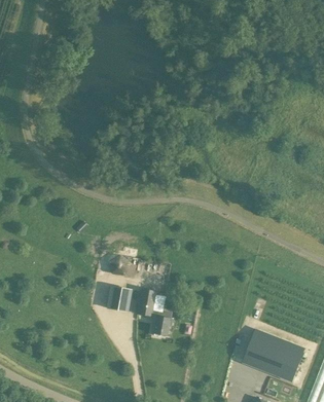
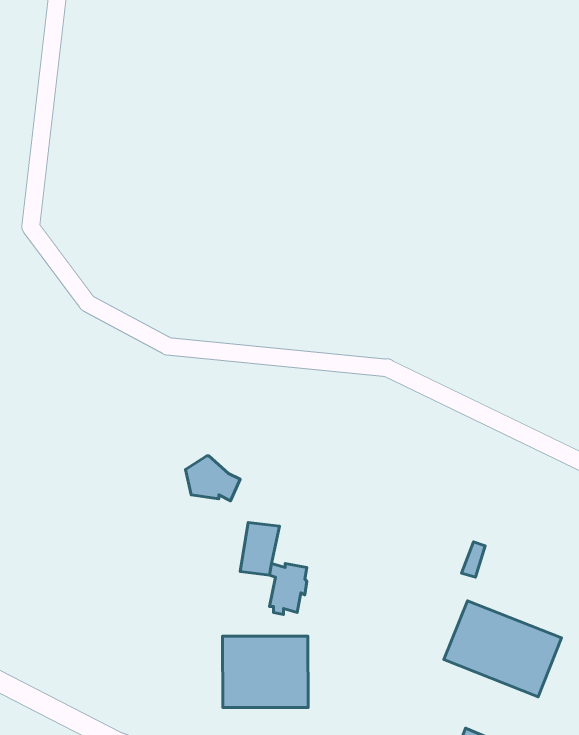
building: [106,284,131,310] -> none
building: none -> [223,636,308,708]

